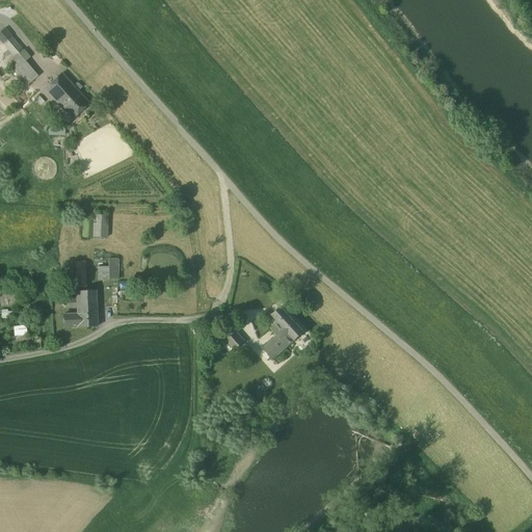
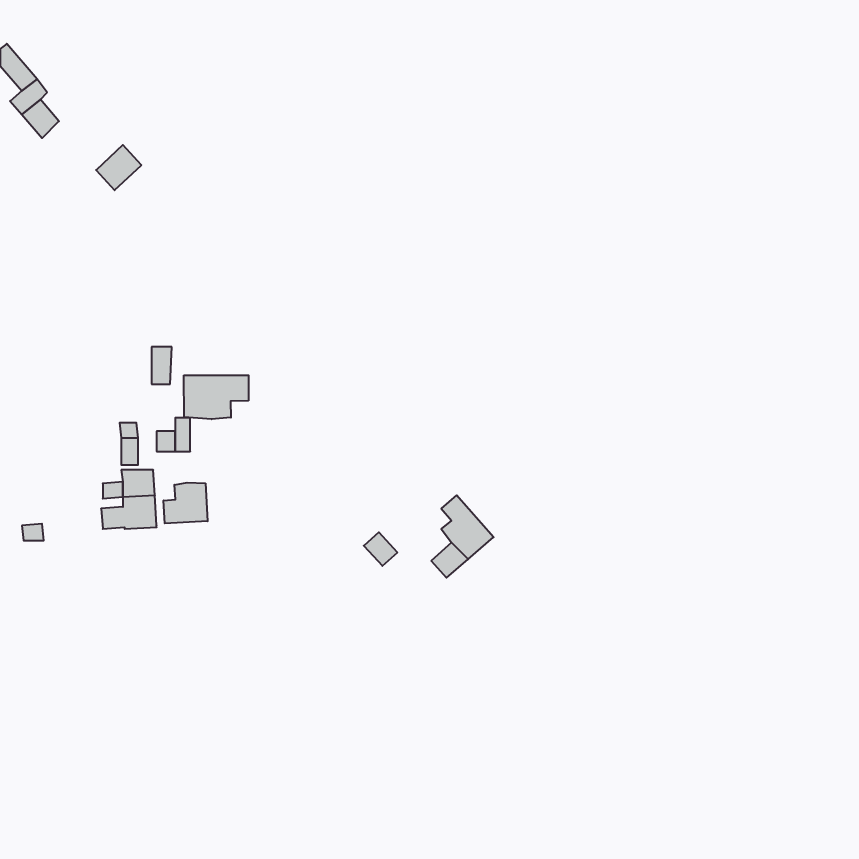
building: [46,73,77,105] -> none
building: none -> [184,375,249,419]
building: none -> [164,483,208,523]

